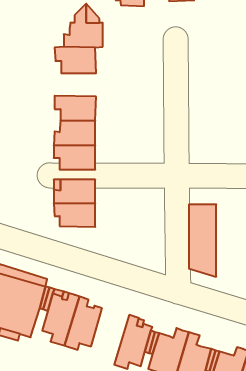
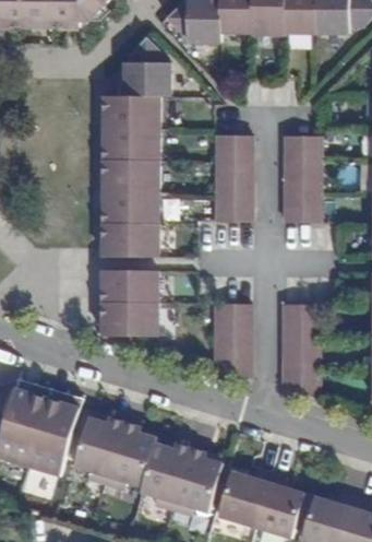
building: none -> [101,130,156,161]
building: none -> [212,137,248,223]
building: none -> [279,137,316,223]
building: none -> [211,303,245,377]
building: none -> [147,444,200,514]

